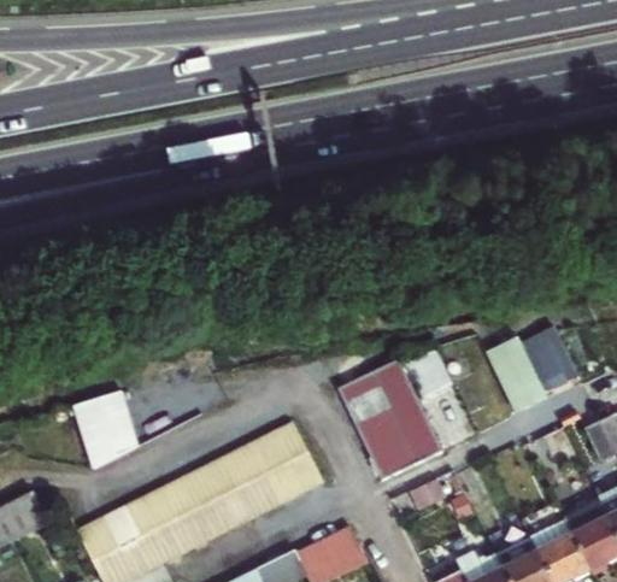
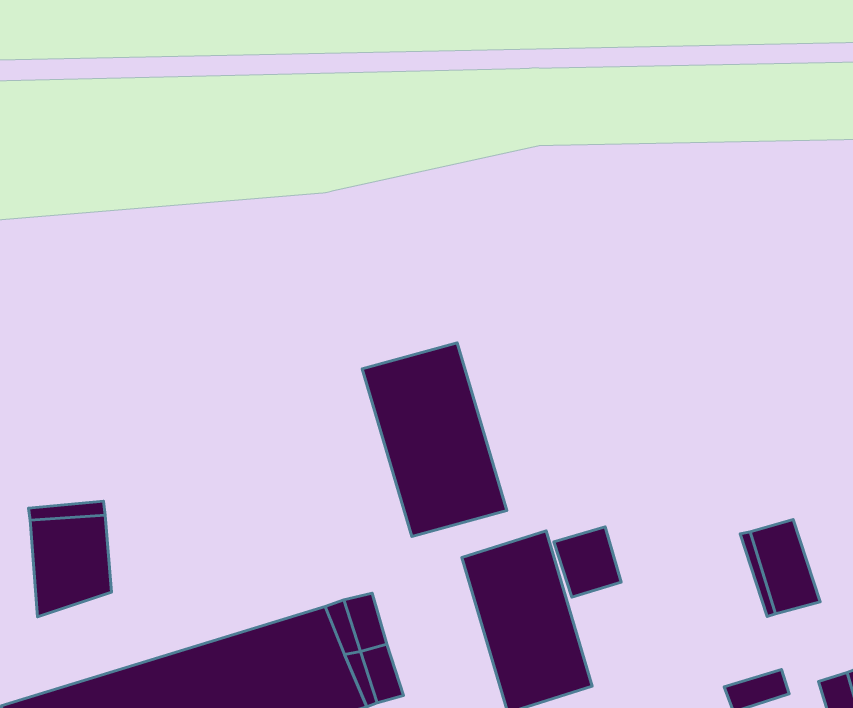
building: none -> [362,343,507,536]
building: [481,341,541,417] -> none

